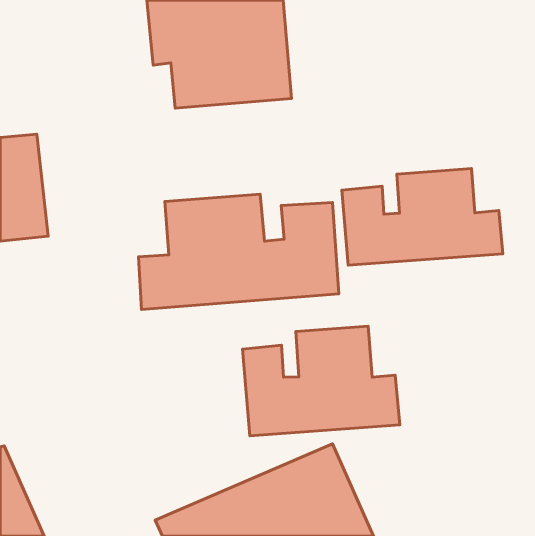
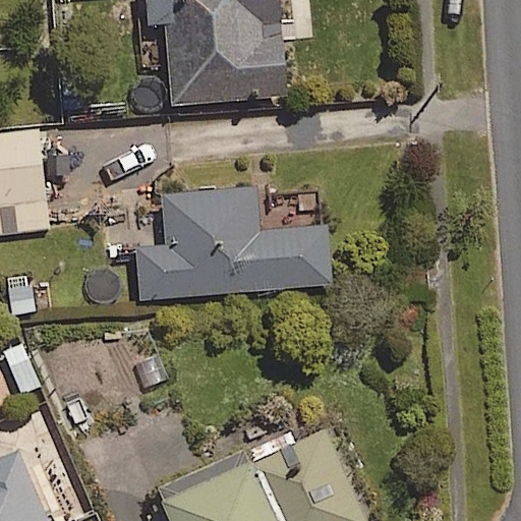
building: [342,169,503,265] -> none
building: [242,326,400,436] -> none

